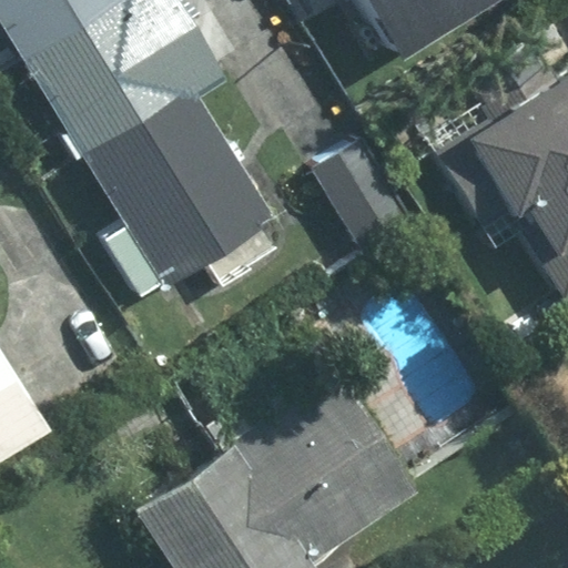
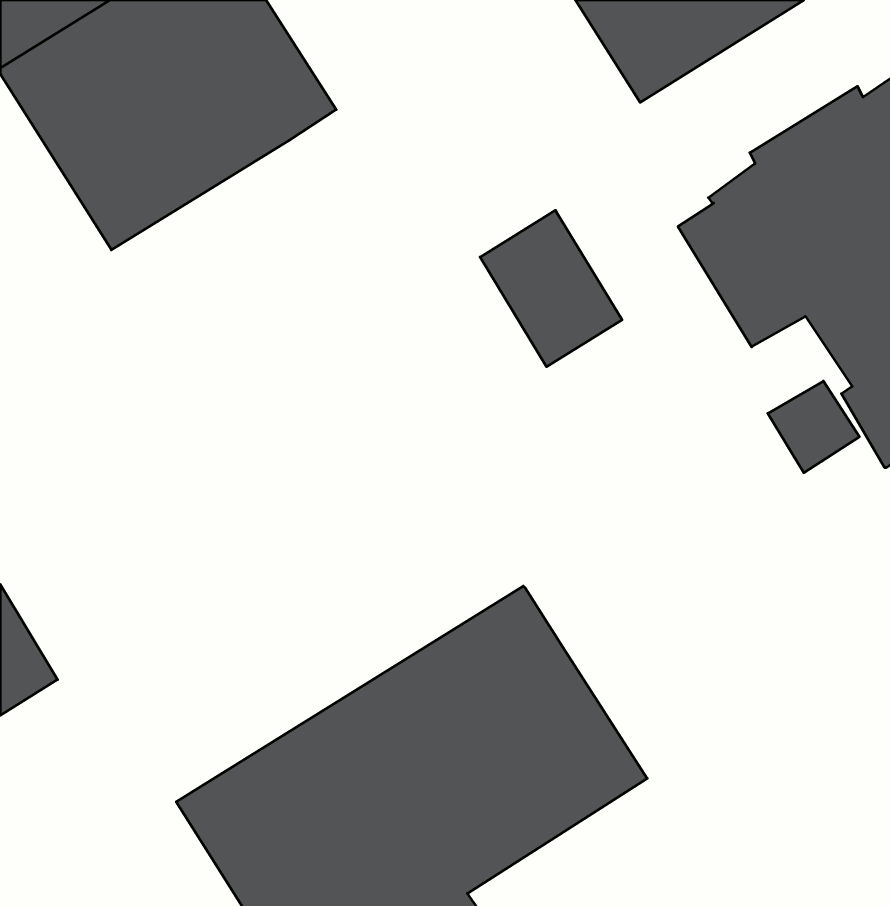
building: [87,94,282,293] -> none

